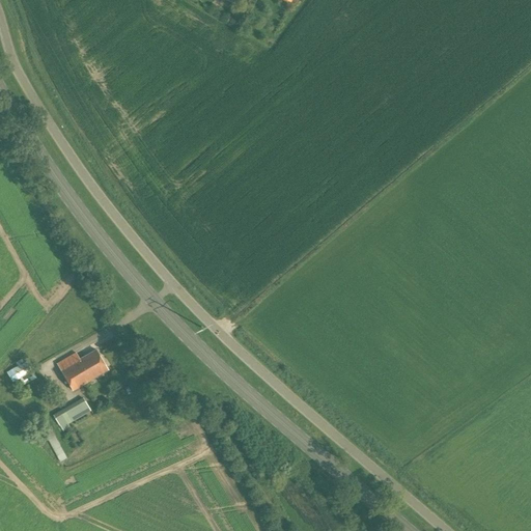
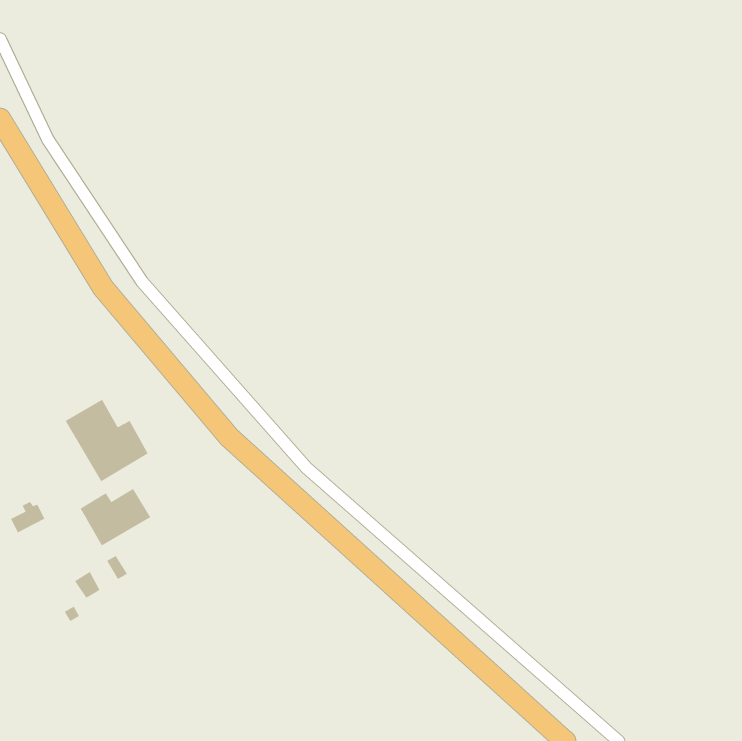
building: none -> [65,399,149,482]

